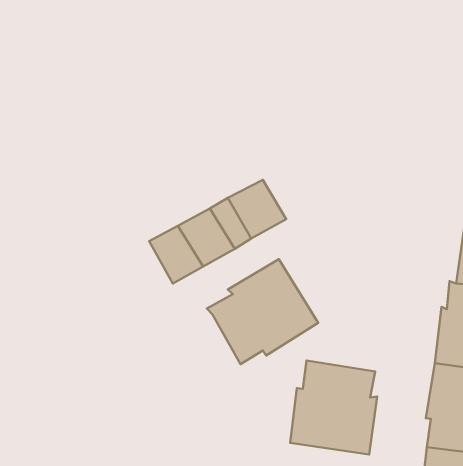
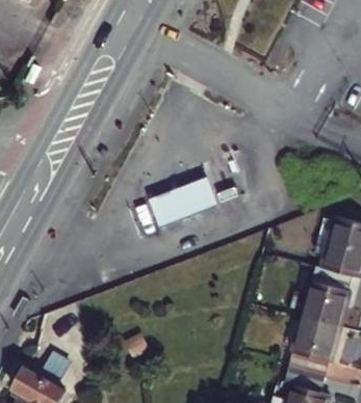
building: [207,259,318,364] -> none
building: [290,361,377,454] -> none

